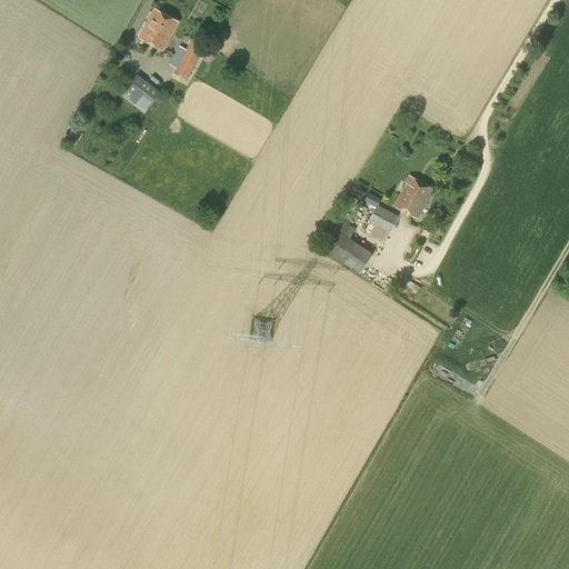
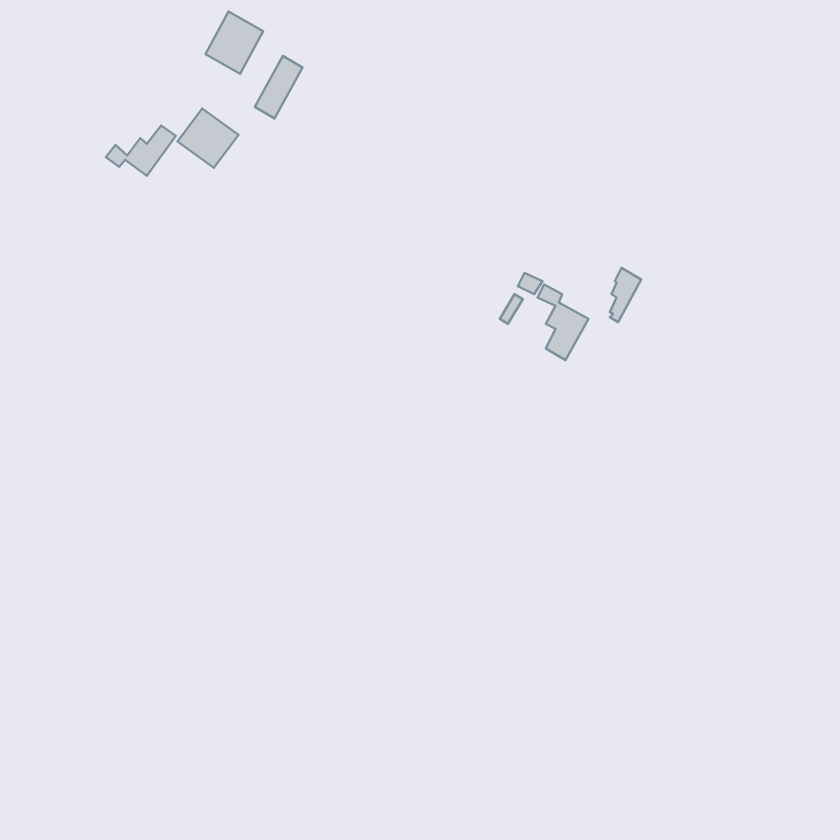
building: none -> [106,126,176,176]
building: [393,174,420,214] -> none
building: [322,220,372,273] -> none

